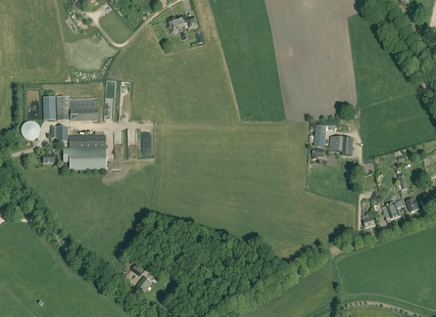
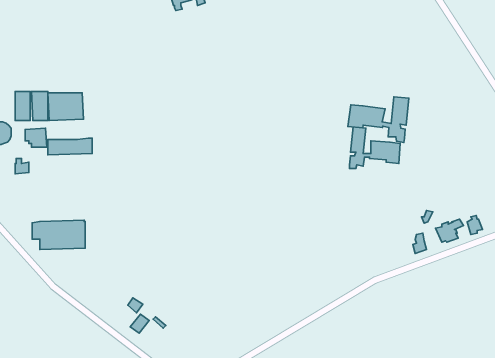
building: none -> [348,97,409,143]
building: [63,146,106,170] -> [32,220,85,249]

